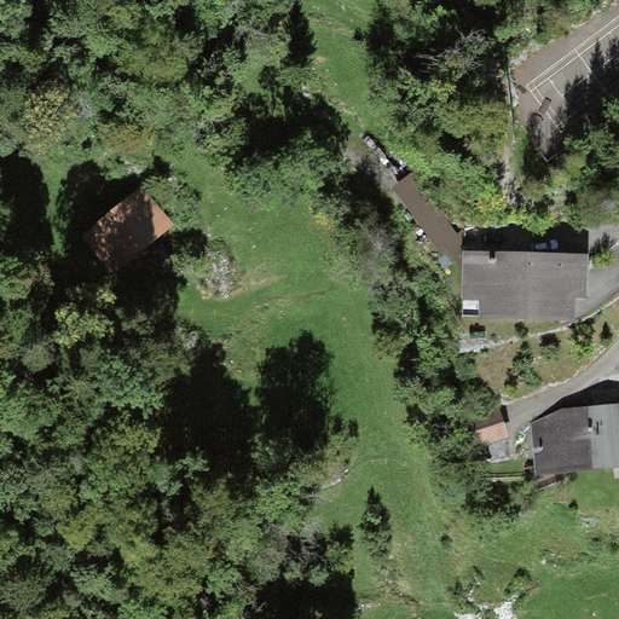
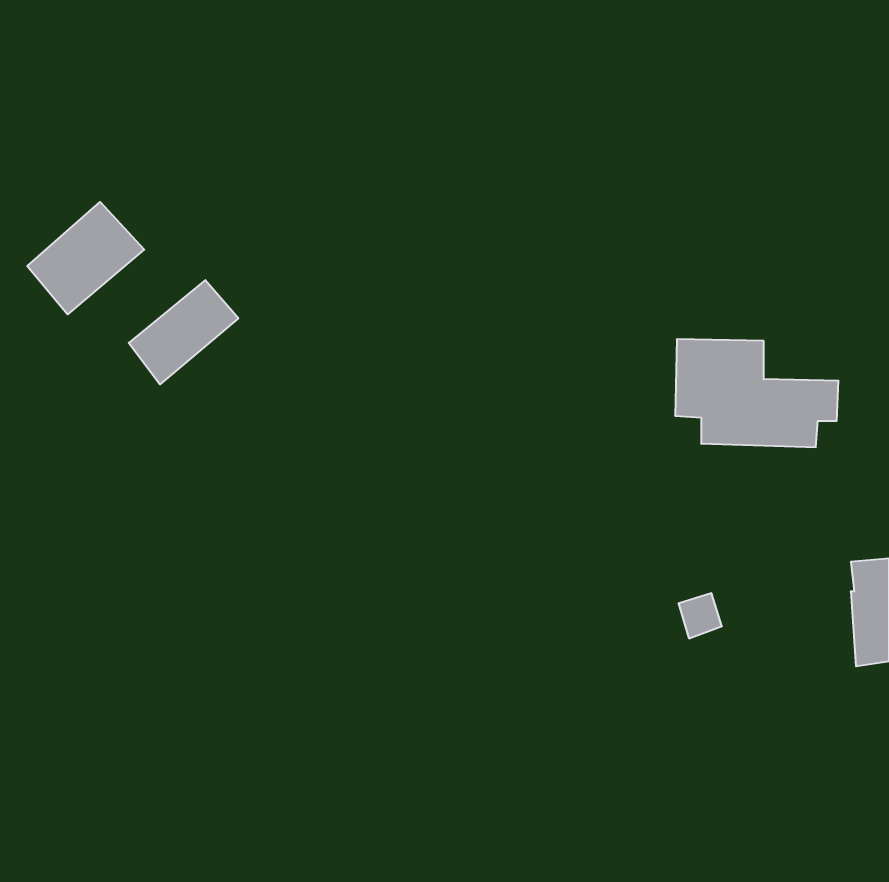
building: none -> [27,202,144,314]
building: [540,416,595,472] -> none

